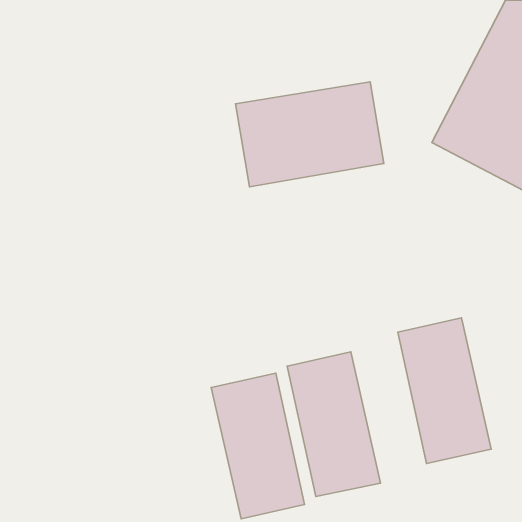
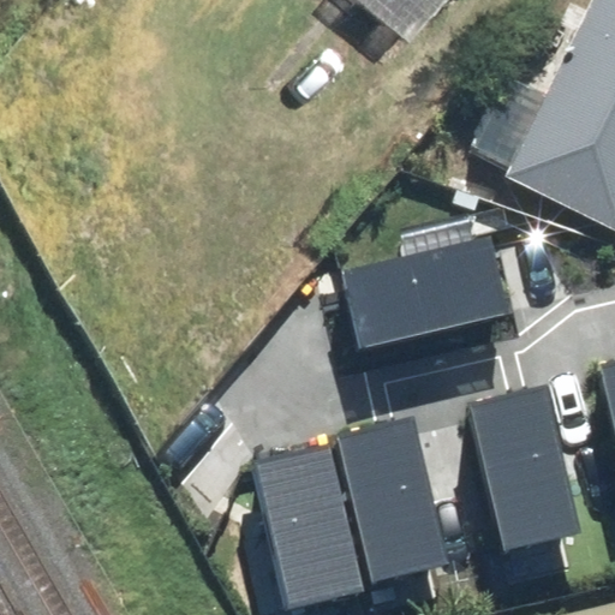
building: [235,82,384,187] -> none
building: none -> [330,247,500,350]

